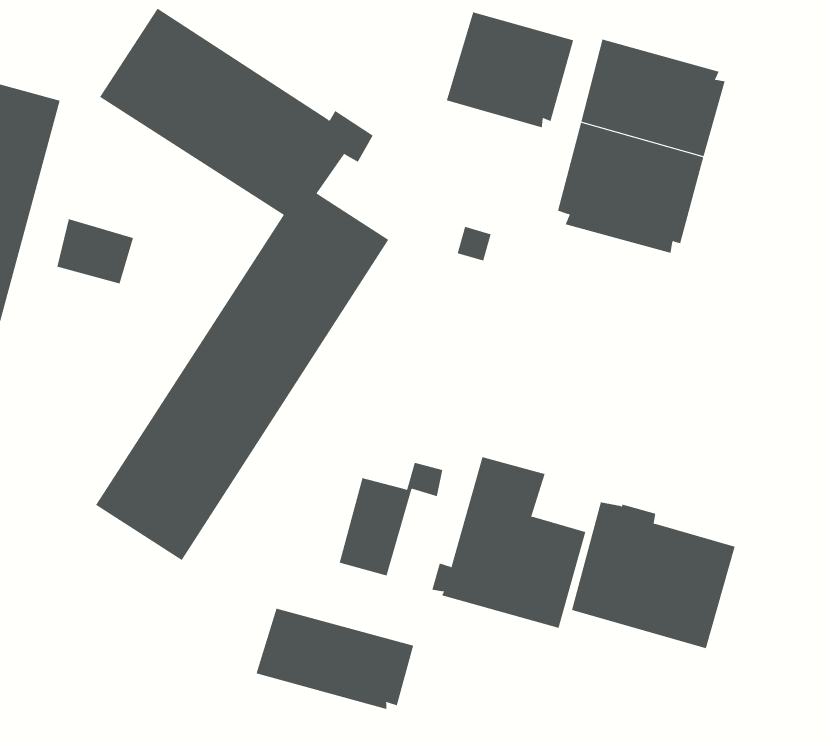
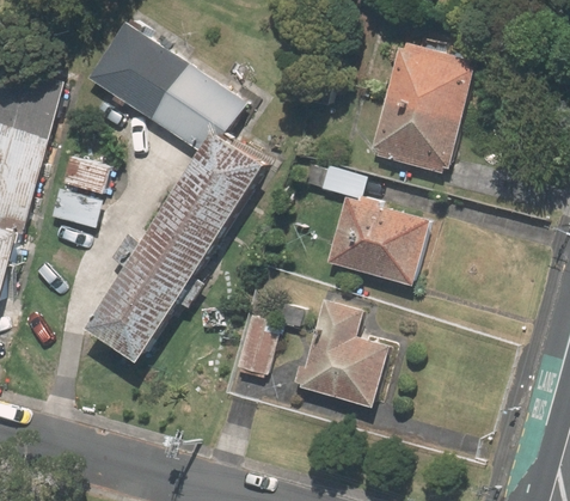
building: [446,12,574,128] -> none
building: [571,502,736,649] -> [327,194,429,285]
building: [256,608,414,710] -> none

